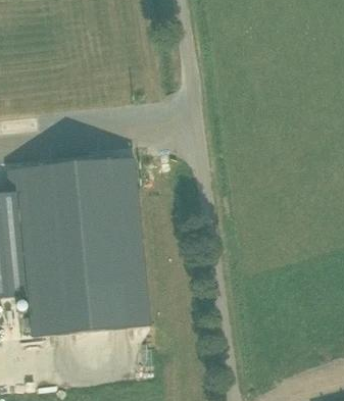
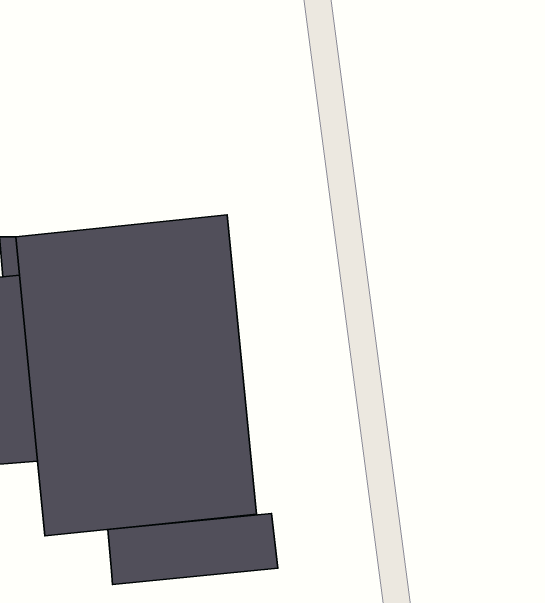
building: none -> [108,514,278,584]

